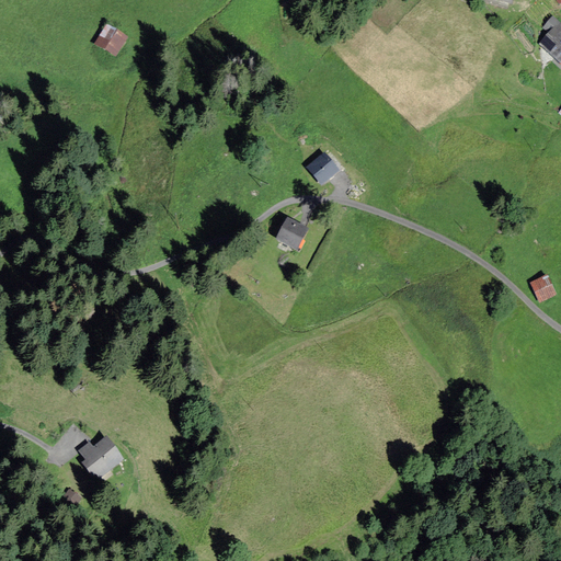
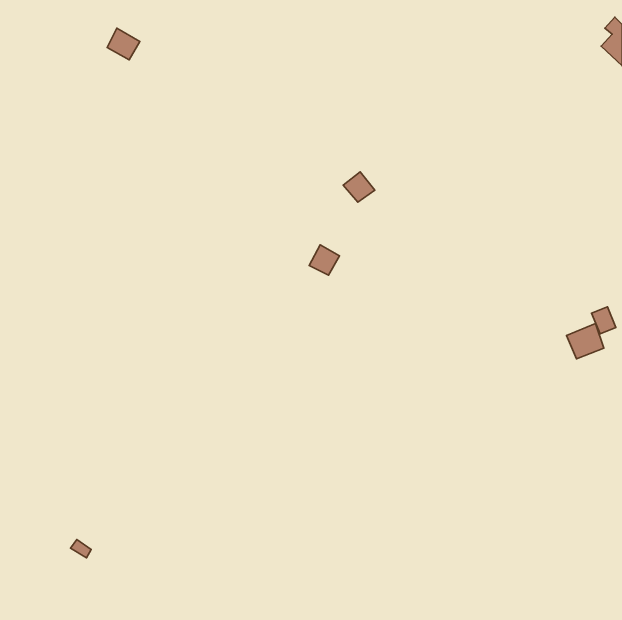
building: none -> [566,323,604,359]
building: [80,438,121,479] -> none

